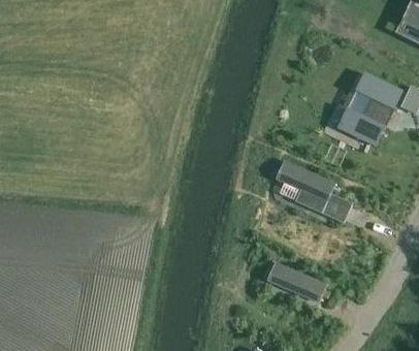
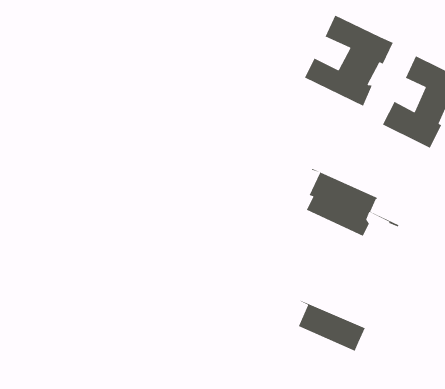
building: none -> [304,15,394,107]

